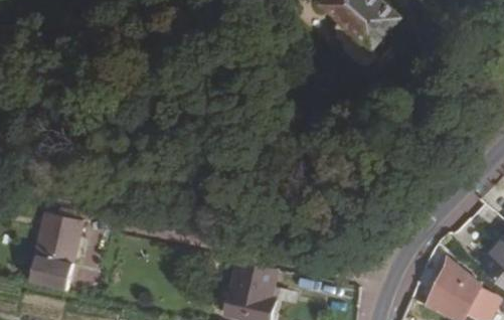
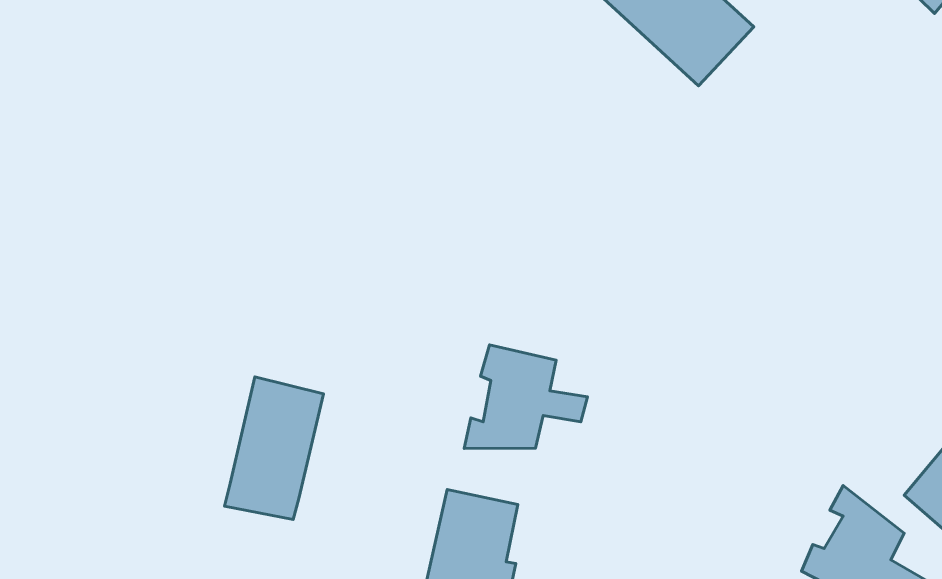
building: none -> [464,345,587,449]
building: [29,214,81,290] -> [225,377,324,520]

